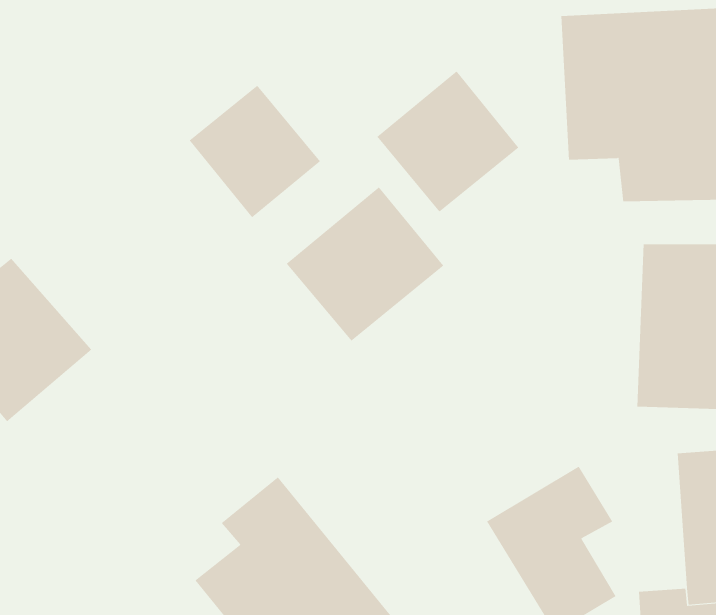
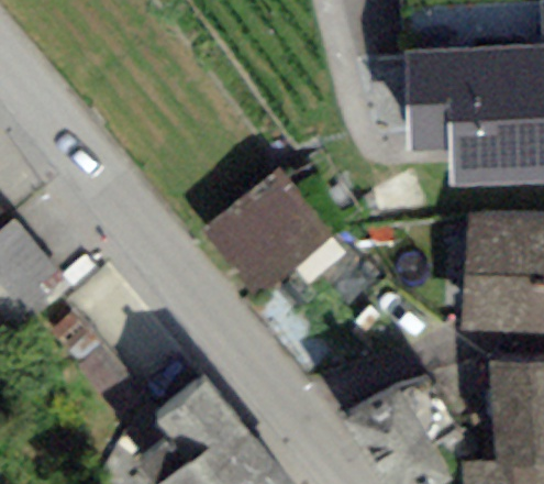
building: [376,71,519,212] -> none
building: [189,85,321,218] -> none

